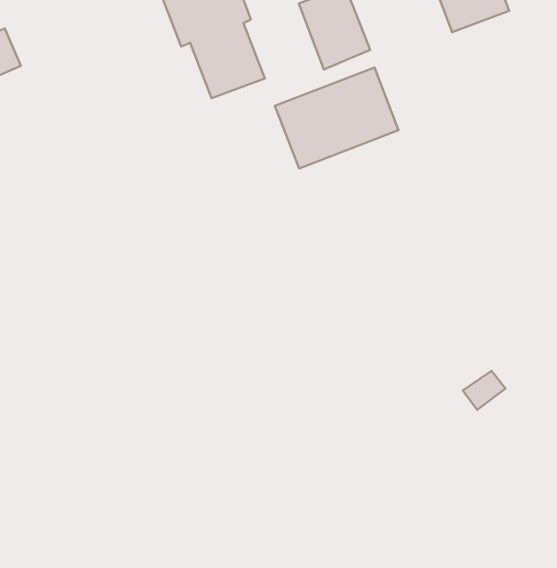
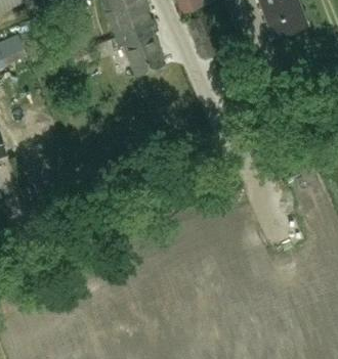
building: [275,68,399,168] -> none

